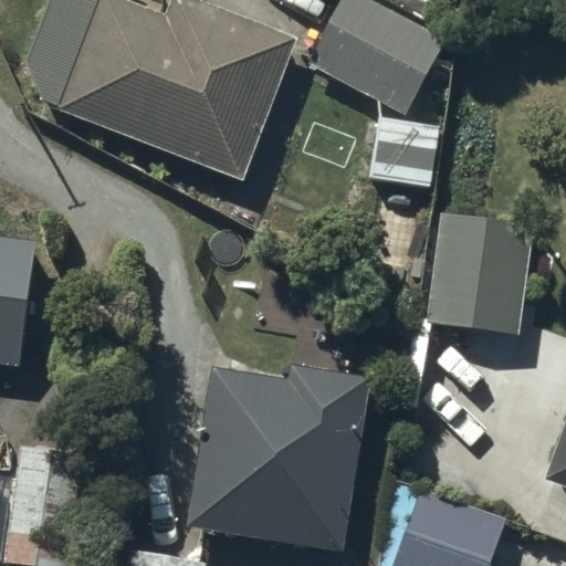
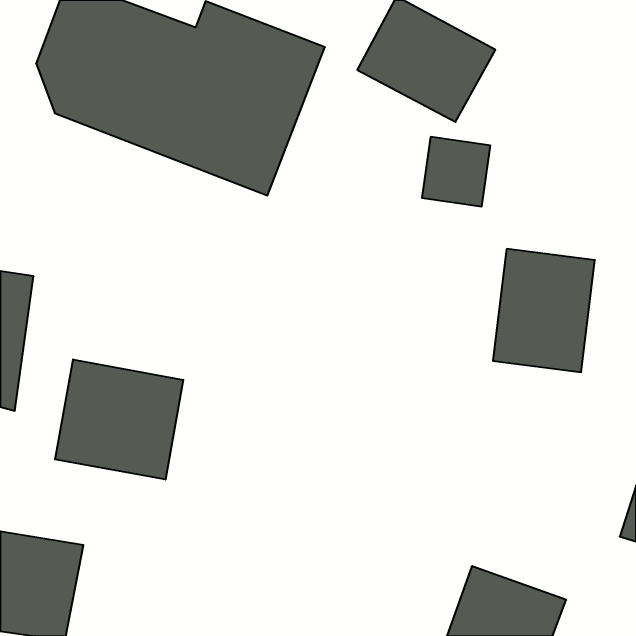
building: none -> [55,359,183,480]
building: [199,370,360,537] -> none

